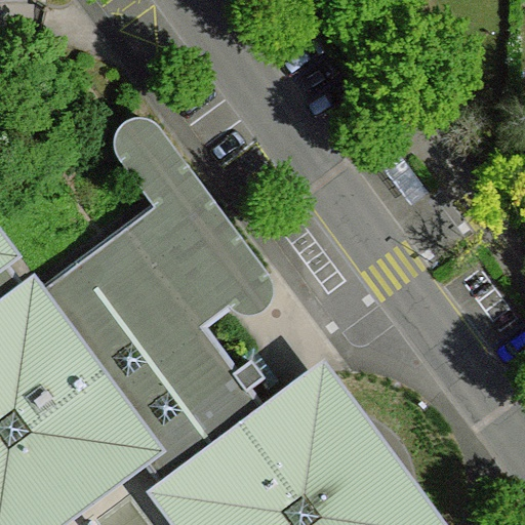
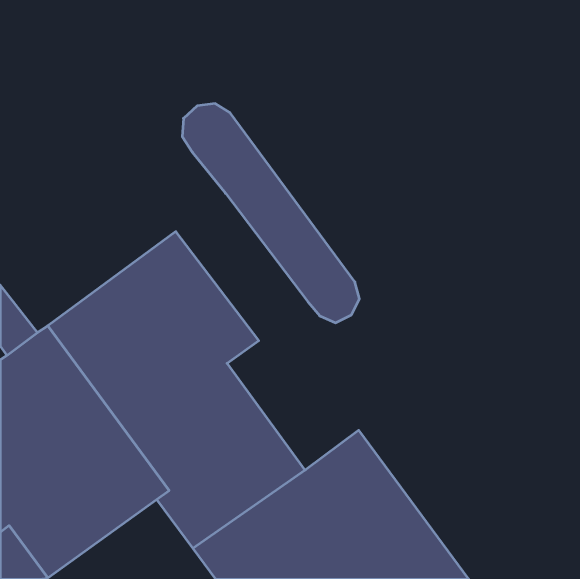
building: [120,128,280,326] -> [182,104,359,323]

